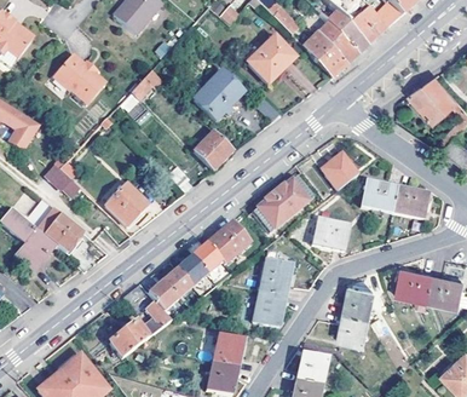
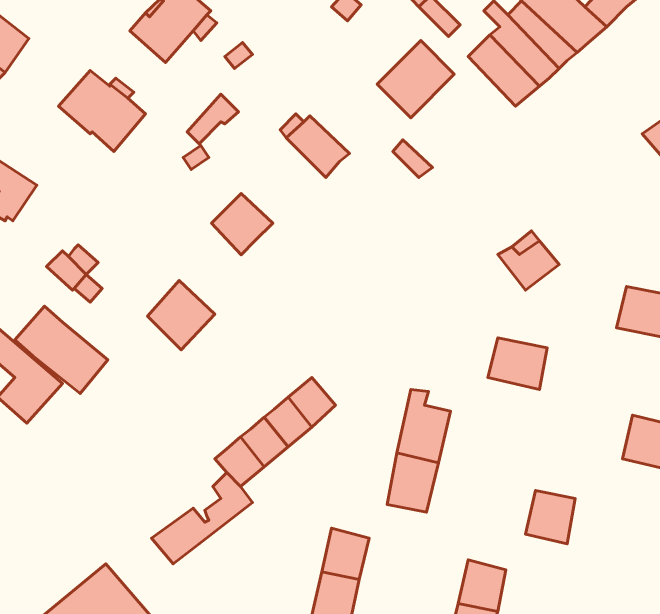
building: [206,68,243,105] -> none
building: [195,131,232,168] -> [211,193,273,255]
building: [253,174,312,230] -> none
building: [362,179,399,212] -> none
building: [207,219,250,263] -> none
building: [344,286,374,316] -> none

